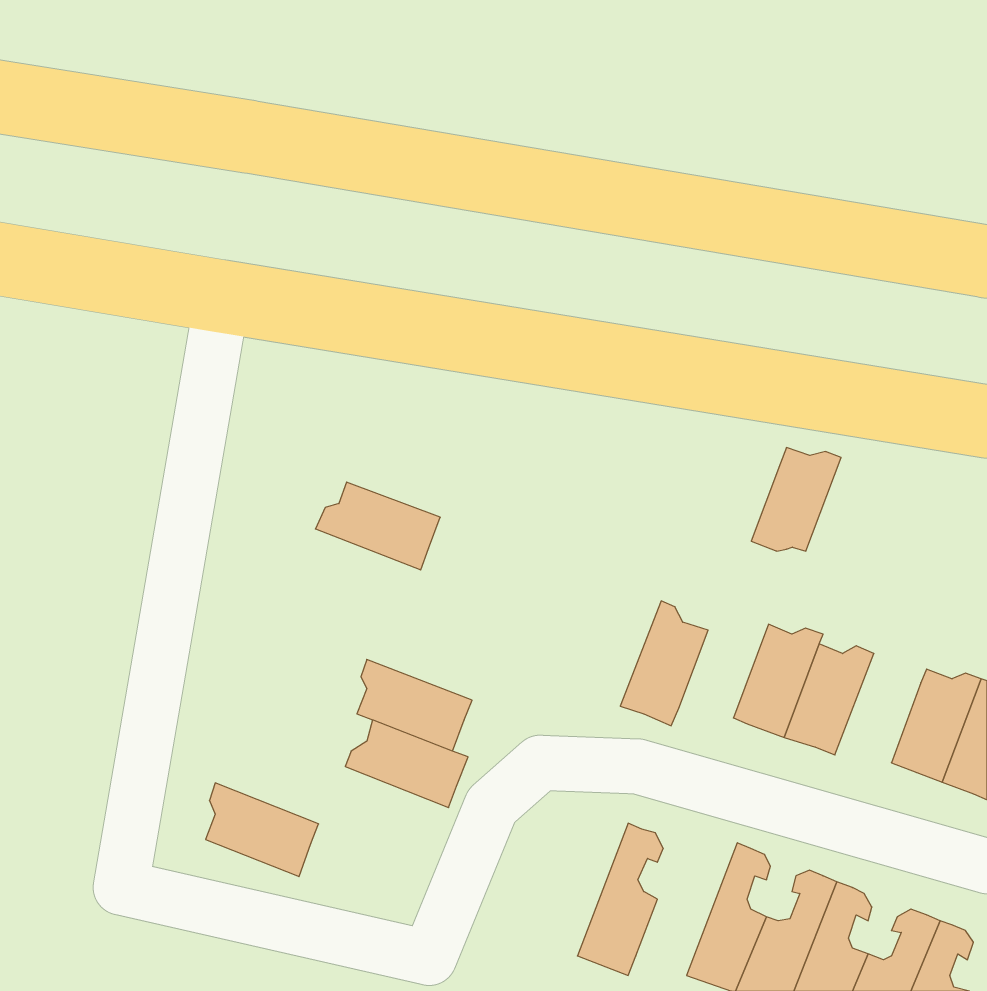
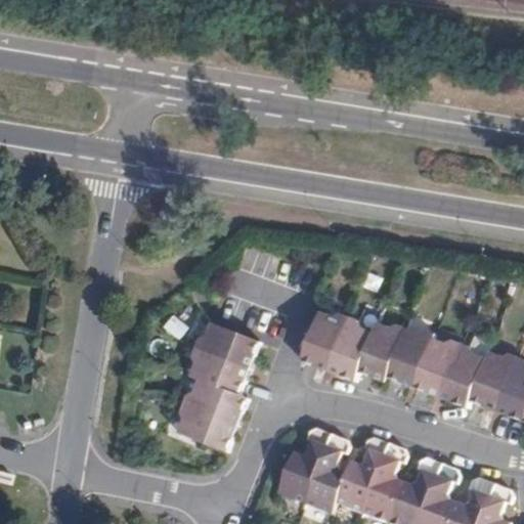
building: [751,448,841,551] -> [356,322,403,377]
building: [315,482,440,570] -> [192,321,258,367]
building: none -> [299,311,347,370]
building: none -> [438,343,483,406]
building: [206,783,319,877] -> [176,402,235,451]
building: none -> [275,427,330,501]
building: none -> [334,436,387,512]

